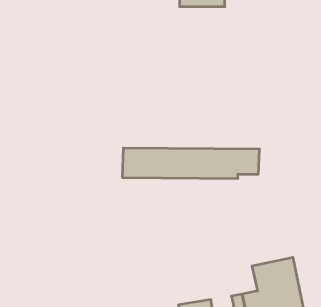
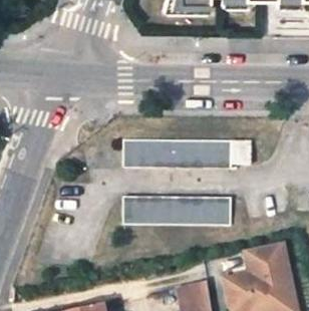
building: none -> [123,197,231,225]

